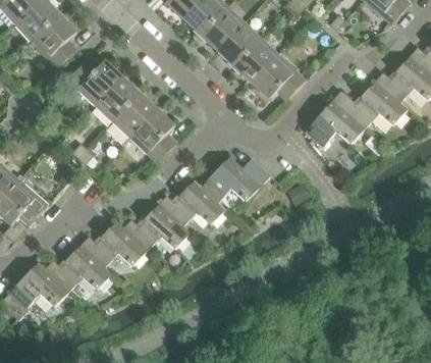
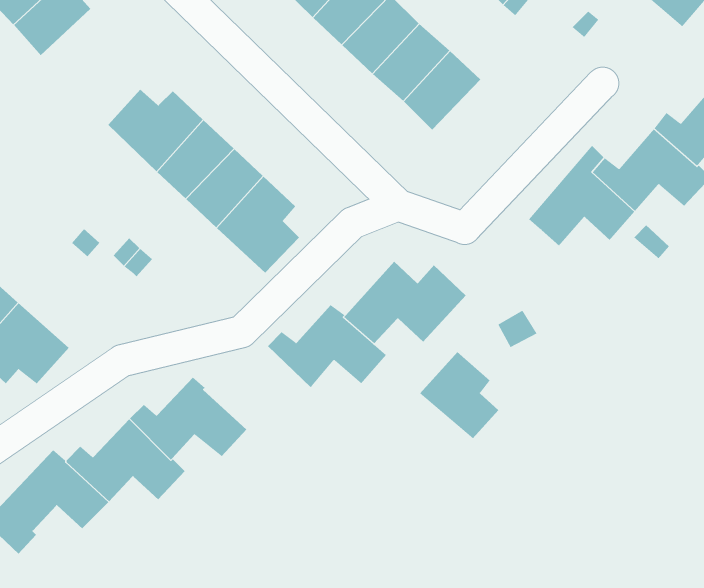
building: [31,14,76,69] -> none
building: [251,54,306,100] -> none
building: [122,204,191,251] -> none
building: none -> [419,351,499,439]

